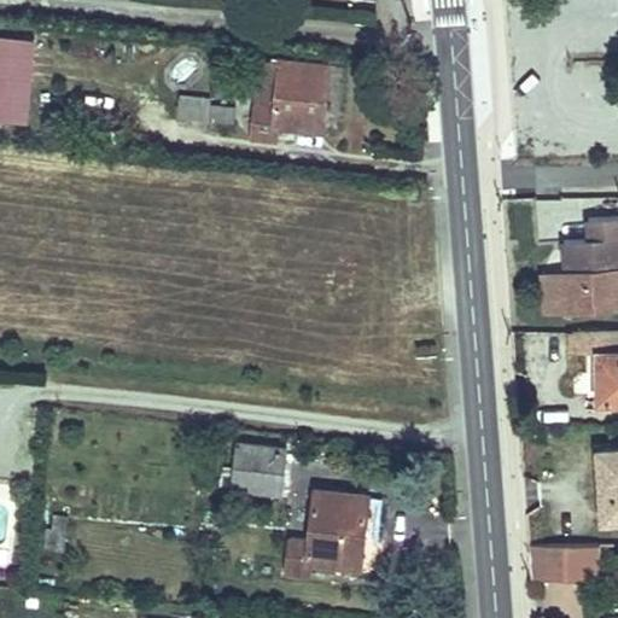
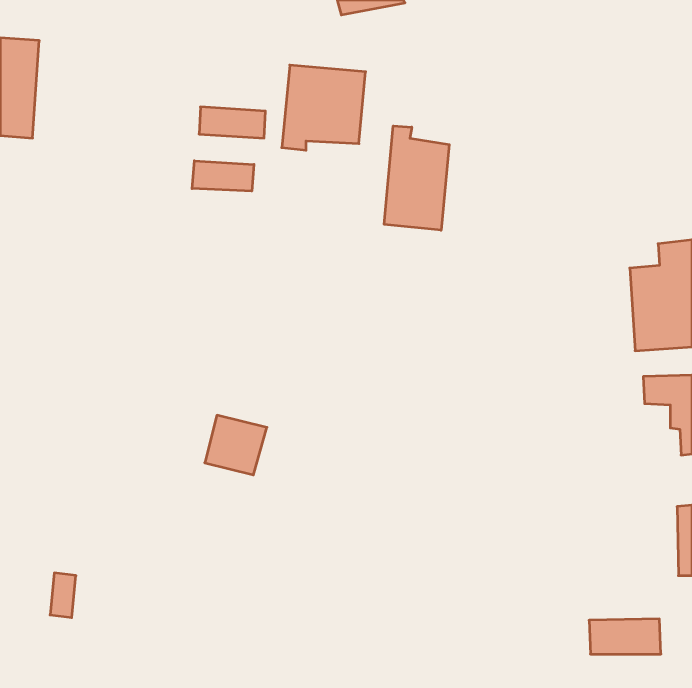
building: none -> [384,126,449,230]
building: none -> [192,161,254,191]
building: [235,442,291,495] -> [205,415,267,475]
building: [295,492,366,578] -> none

